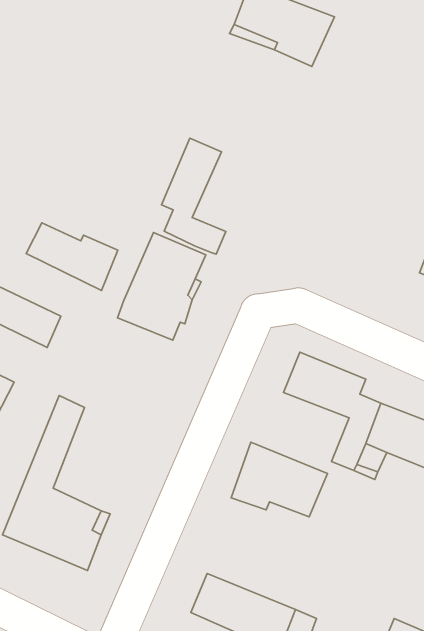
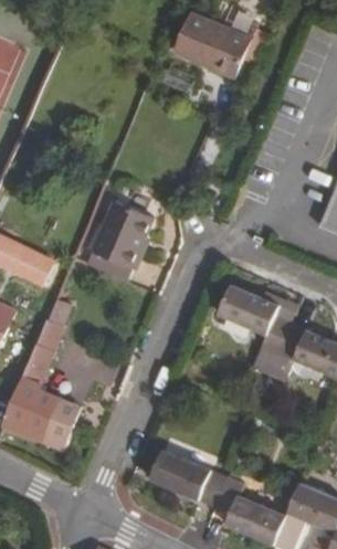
building: [161,138,226,254] -> none
building: [26,223,118,290] -> none
building: [231,442,327,517] -> none

